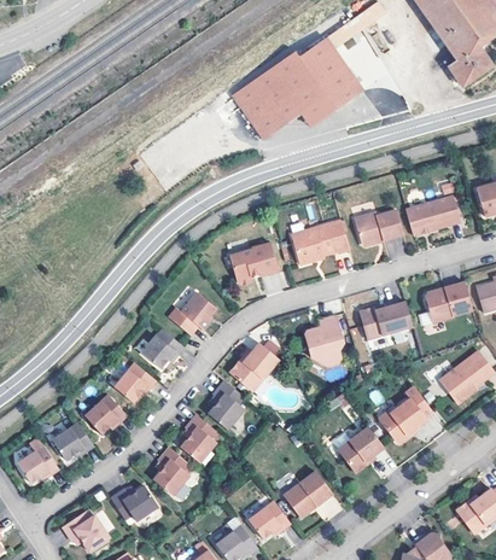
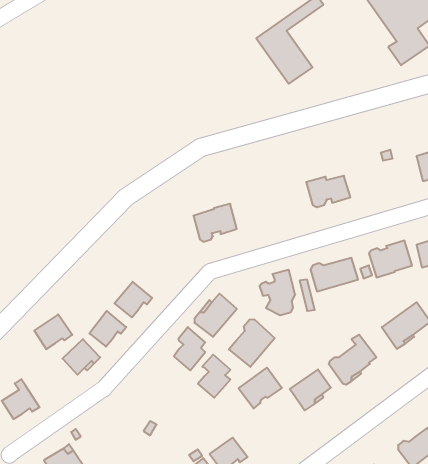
building: [232,51,335,138] -> none
building: [407,196,462,235] -> none
building: [291,220,349,264] -> none
building: [167,291,215,333] -> none
building: none -> [229,319,275,367]
building: [179,413,215,461] -> [198,355,230,398]
building: [51,421,93,460] -> [34,314,72,349]
building: [151,445,187,494] -> none
building: [284,472,332,518] -> [239,368,282,409]
building: [107,485,154,521] -> none

